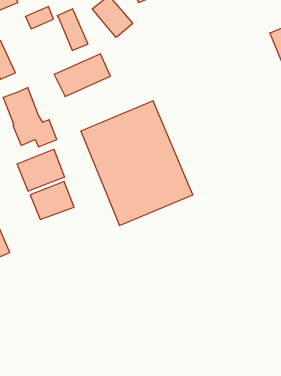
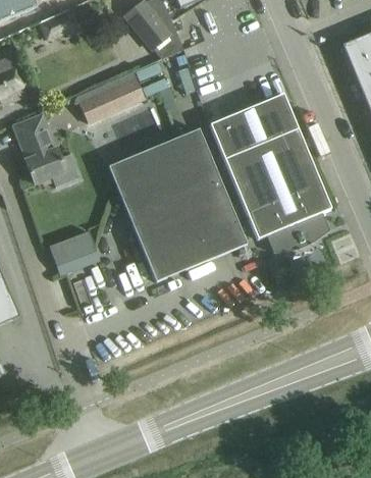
building: [57,9,88,51] -> none
building: none -> [209,93,331,251]
building: [17,149,64,191] -> none

